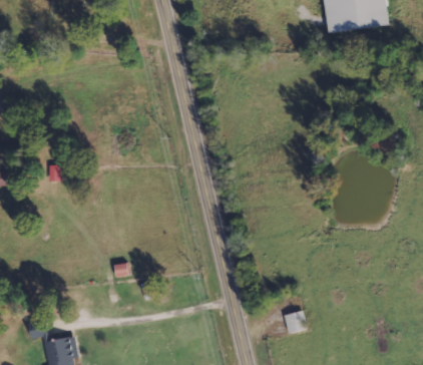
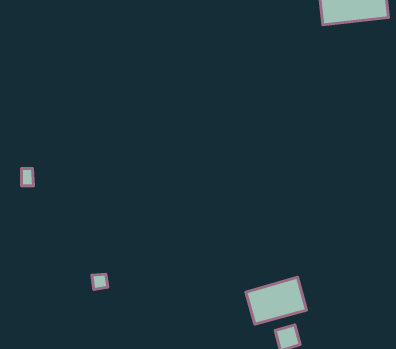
building: none -> [246,277,307,324]

